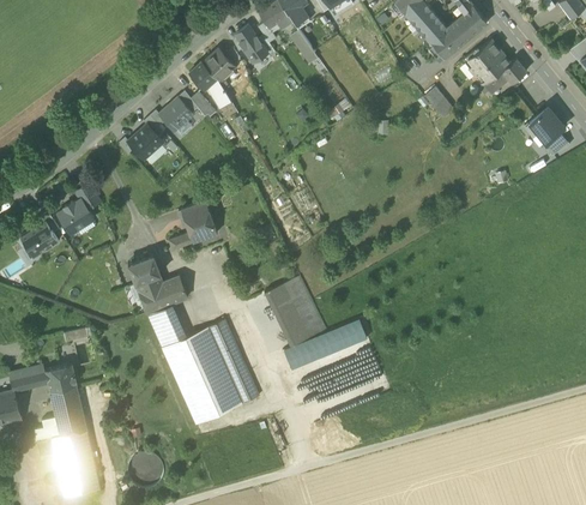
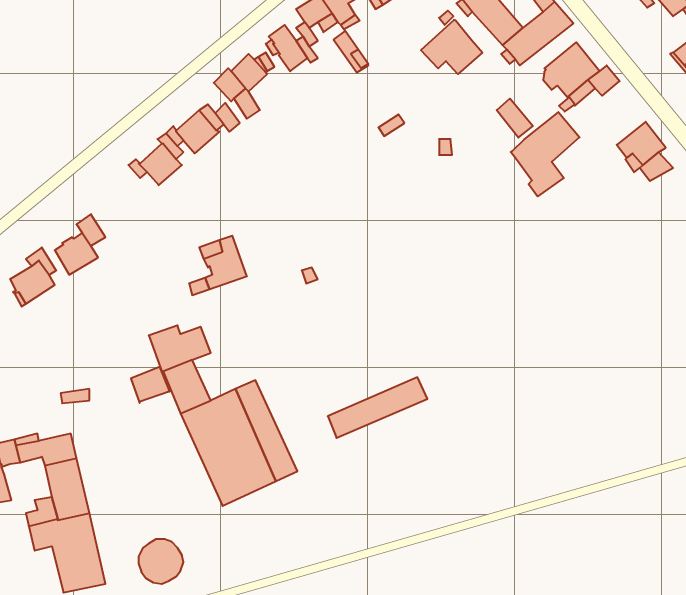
building: none -> [421,20,482,74]
building: none -> [511,112,580,196]
building: [129,254,162,284] -> [131,367,170,403]
building: [265,276,327,347] -> none

